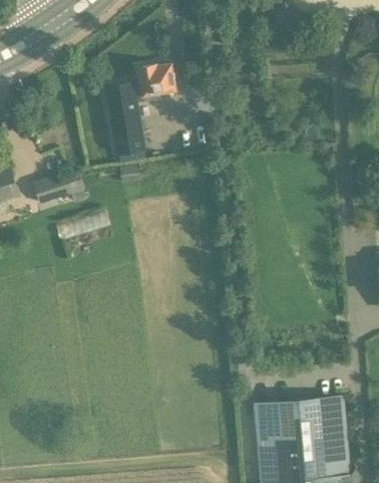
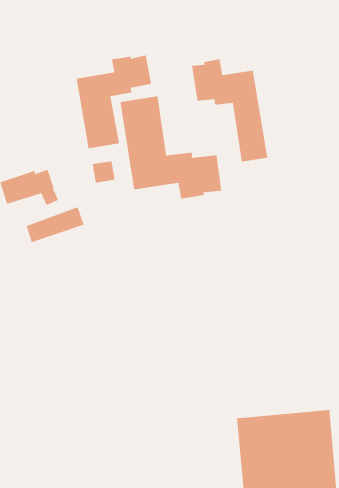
building: none -> [192,59,268,163]
building: none -> [120,95,222,200]

